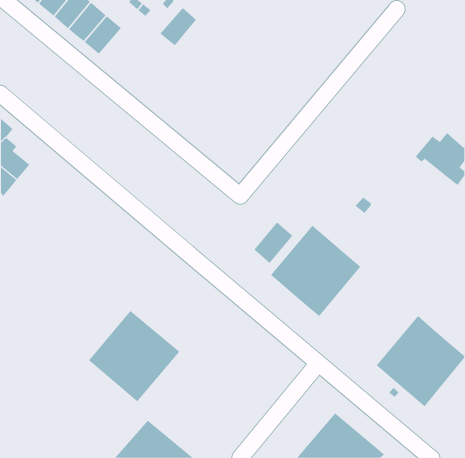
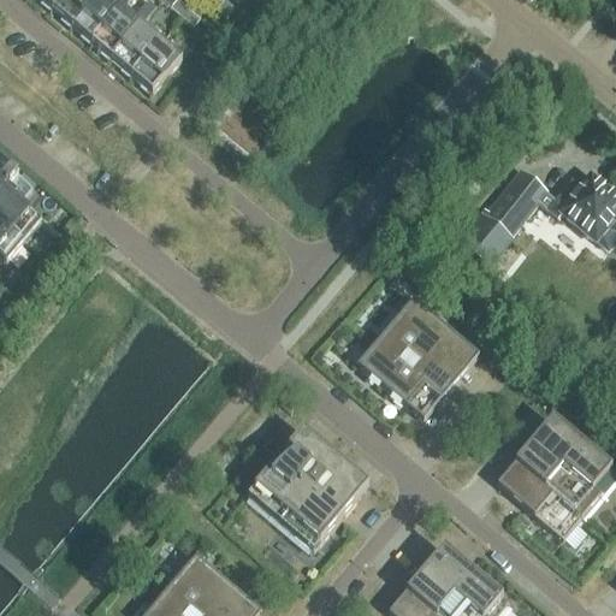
building: [160,7,197,46] -> [131,37,180,89]
building: none -> [462,167,553,261]
building: [253,222,293,264] -> none
building: [88,310,180,402] -> [247,427,368,549]

